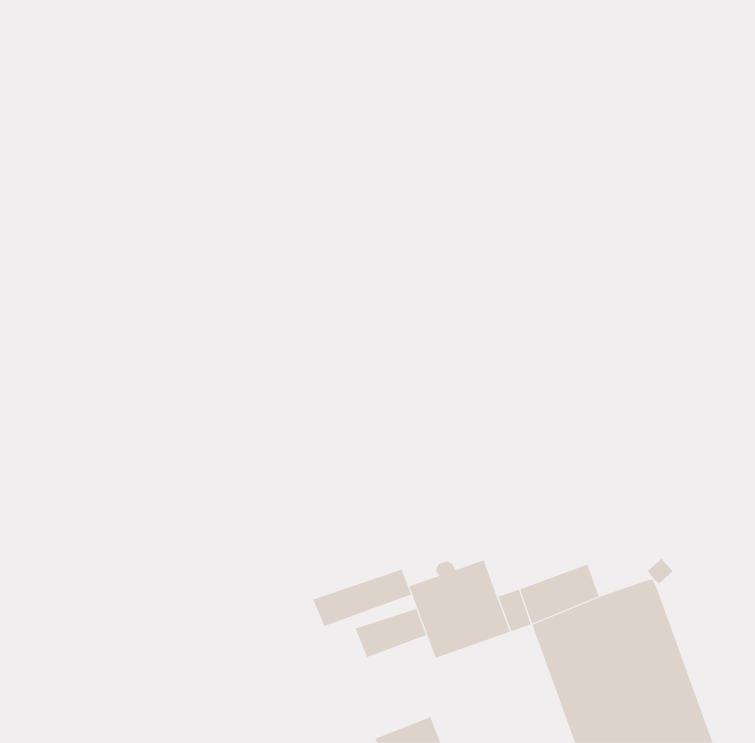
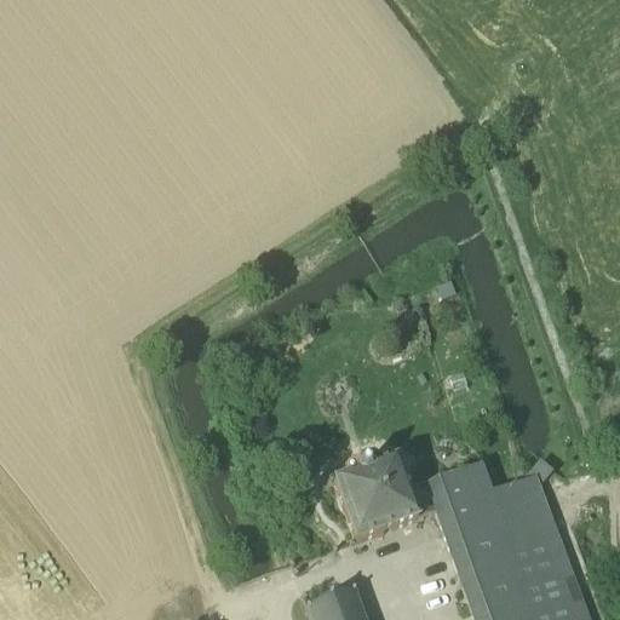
building: [312,569,412,627] -> none
building: [355,608,427,658] -> none

